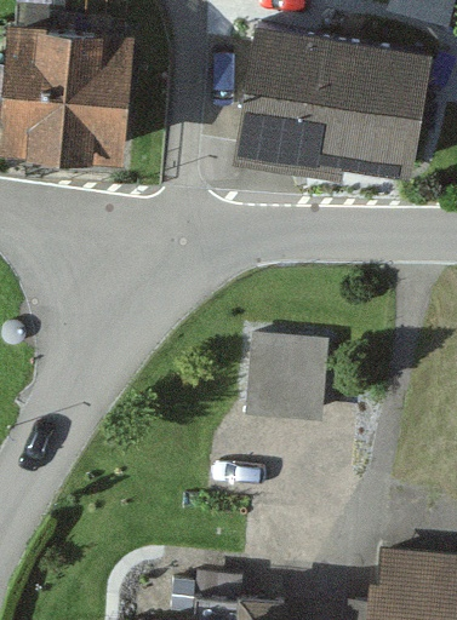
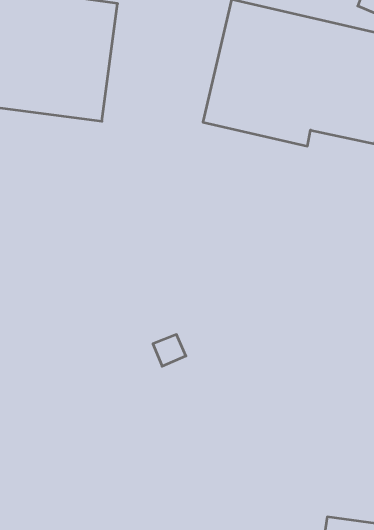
building: [246,341,330,427] -> none

